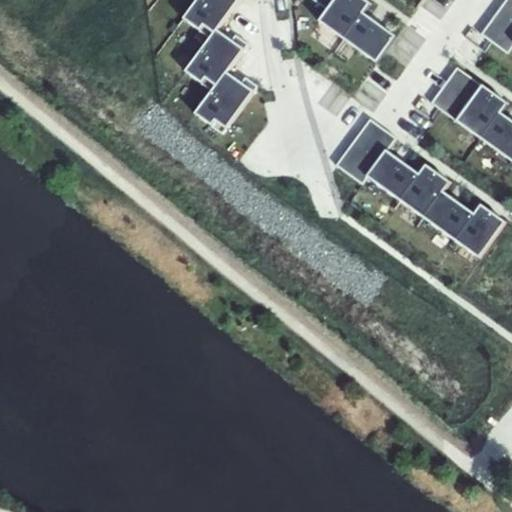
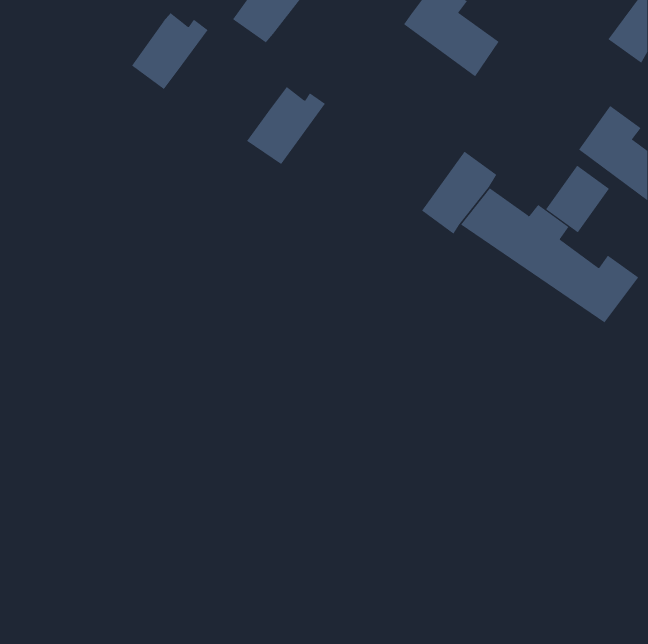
building: [185,27,246,88] -> [131,12,209,90]
building: [430,64,481,118] -> [545,165,610,233]

